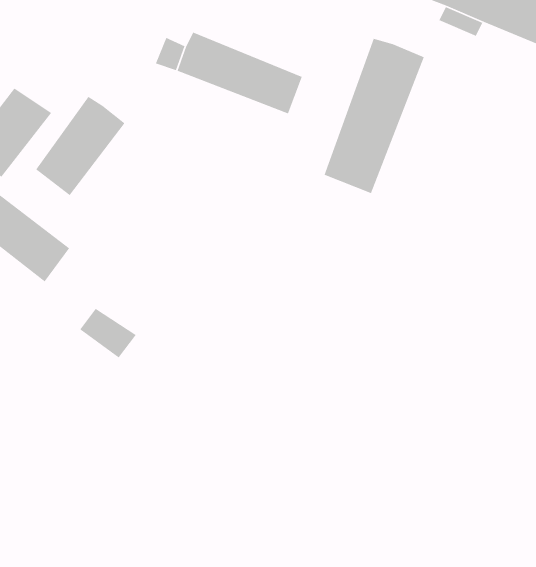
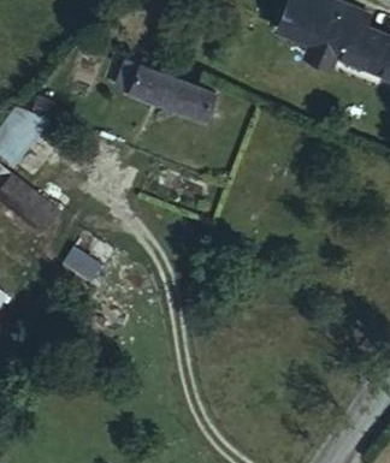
building: [323,38,425,194] -> none
building: [35,96,125,196] -> none

